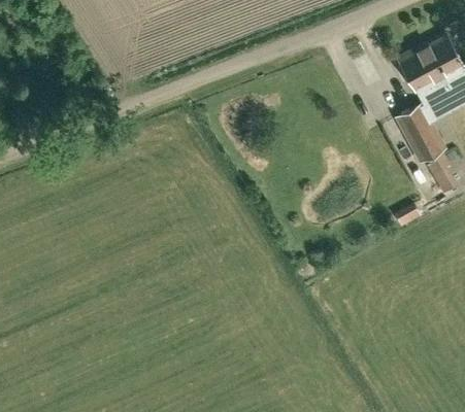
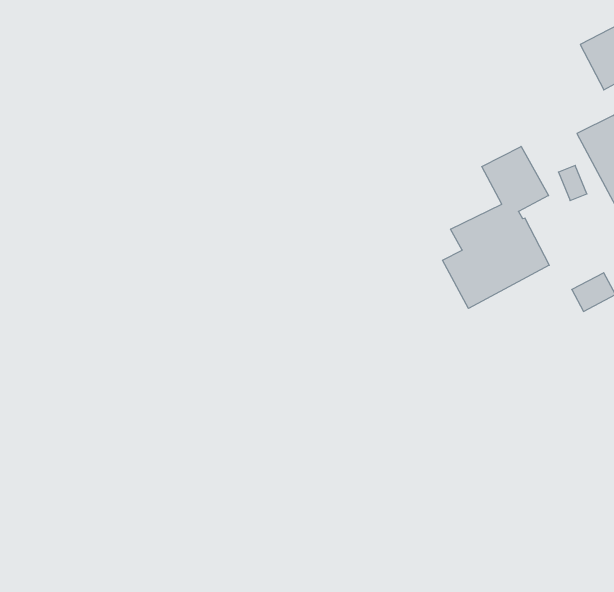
building: none -> [443,146,549,308]

